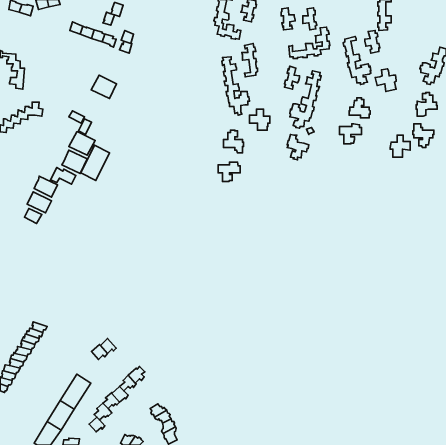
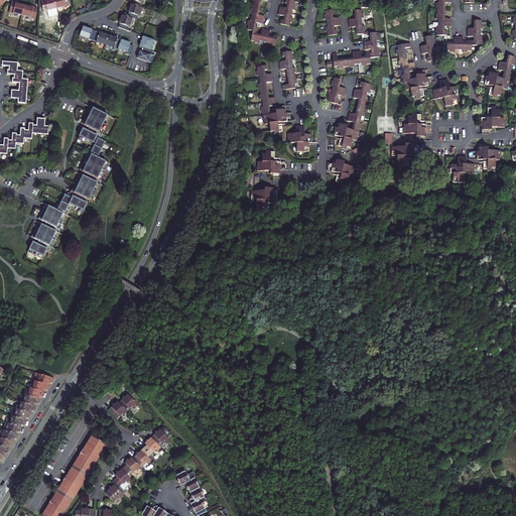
building: none -> [447,20,483,51]
building: [91,75,117,99] -> [82,106,111,133]
building: [81,145,110,180] -> none

